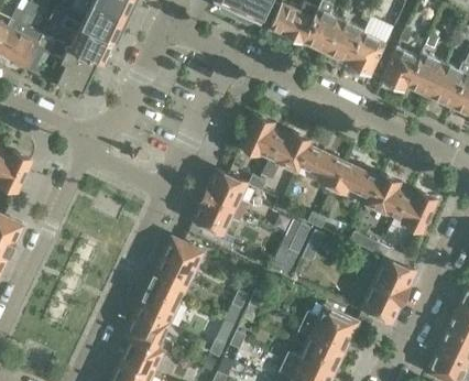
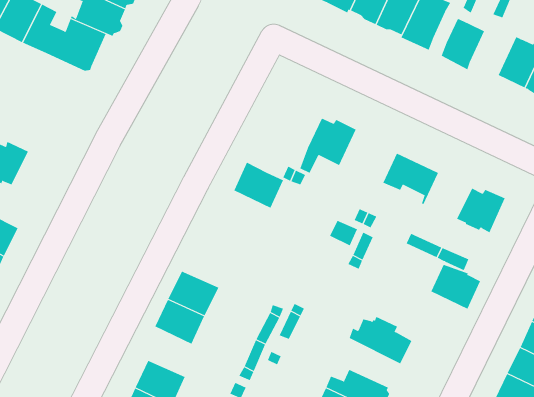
building: [406,52,445,96] -> none
building: [240,116,280,157] -> none
building: [295,142,343,187] -> none
building: [367,175,407,218] -> none
building: [193,194,243,247] -> none
building: [271,232,304,274] -> none
building: [161,233,208,276] -> none
building: [360,280,404,320] -> none
building: [126,309,170,352] -> none
building: [297,319,347,361] -> none

